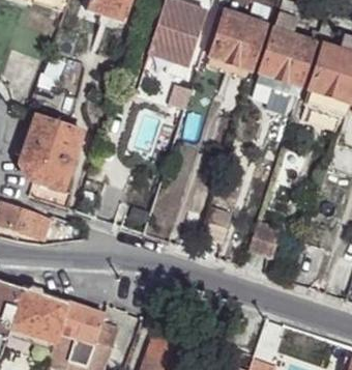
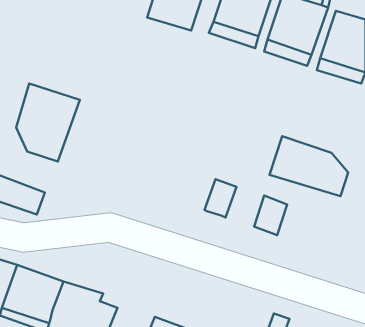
building: none -> [270,136,348,196]

